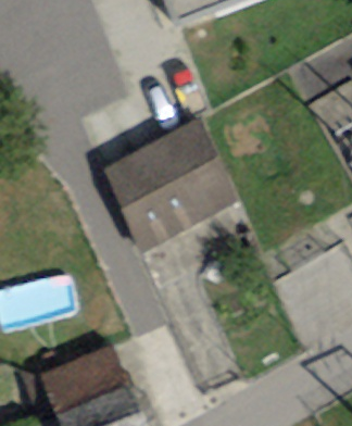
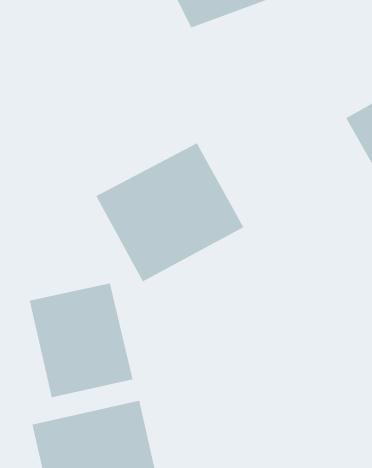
building: none -> [29,283,134,398]

